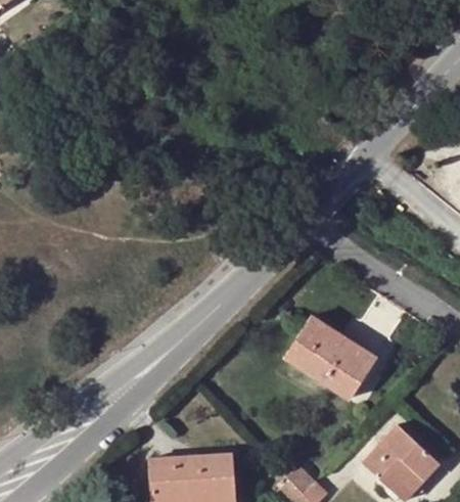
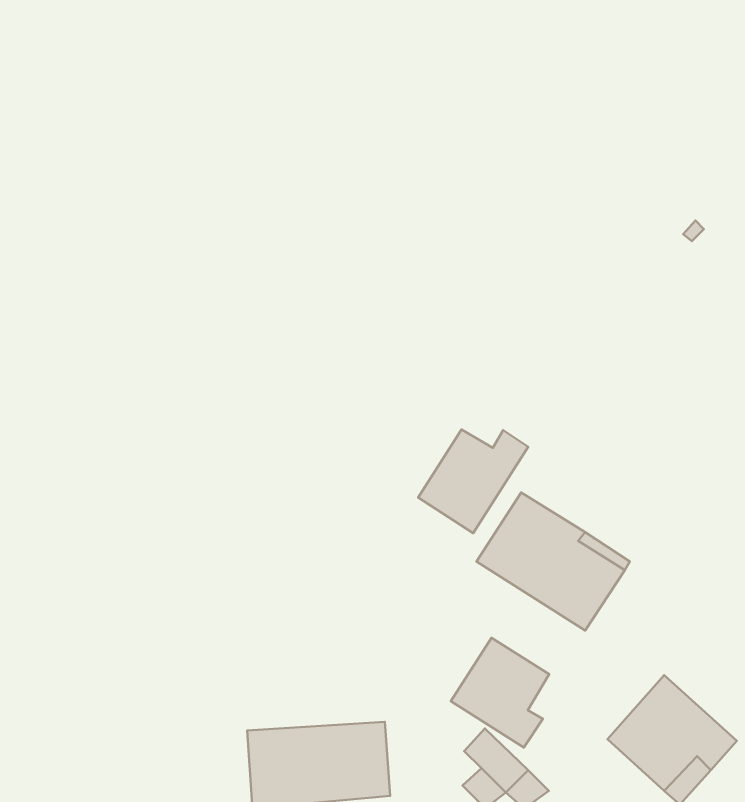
building: none -> [418,429,528,533]
building: none -> [451,638,549,747]

